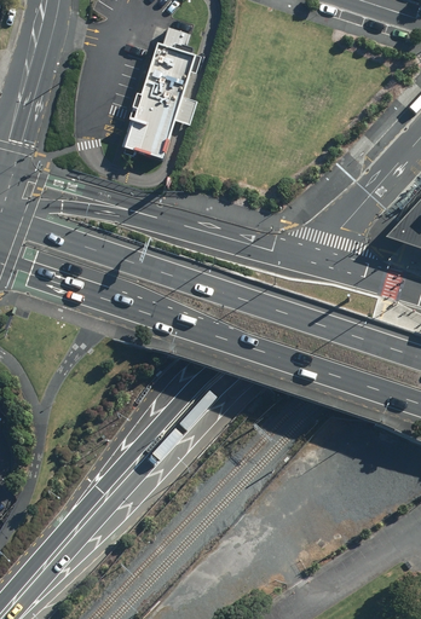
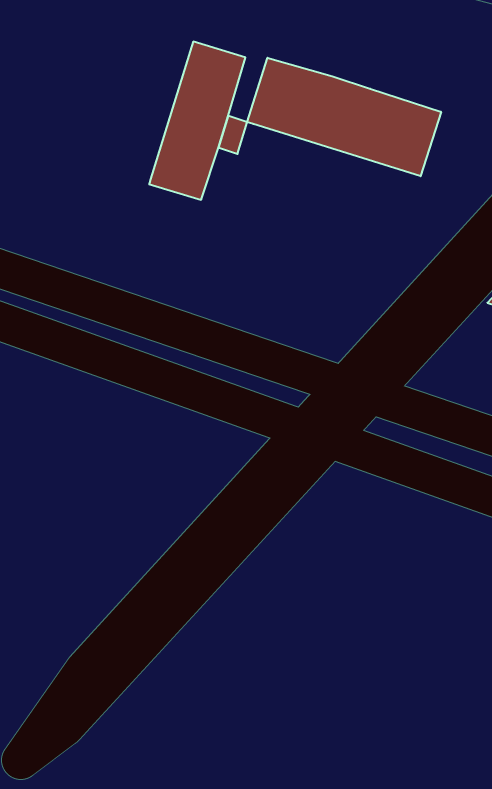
building: none -> [247,58,441,176]

